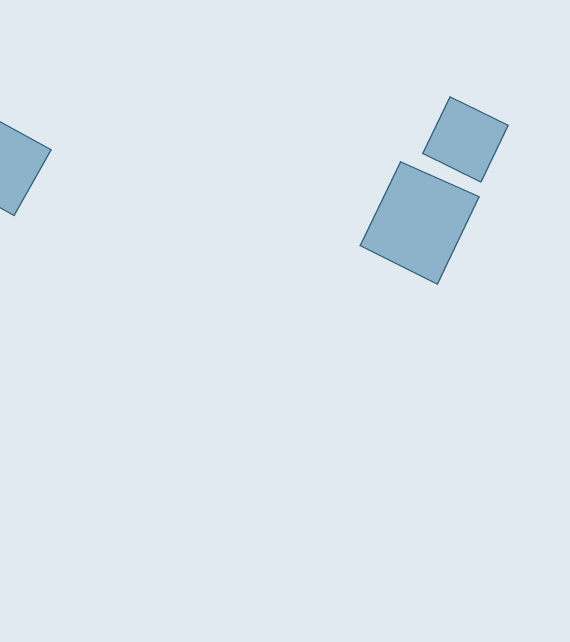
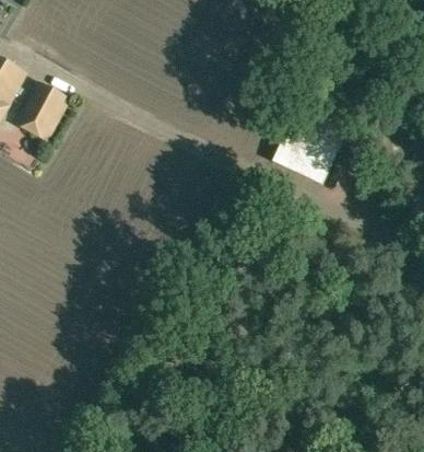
building: [423,97,508,182] -> none

